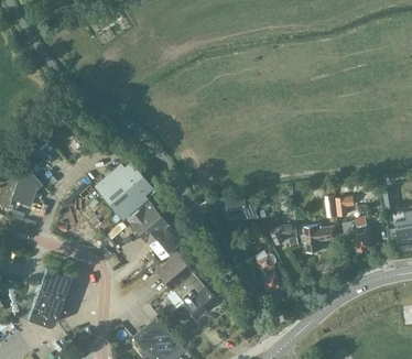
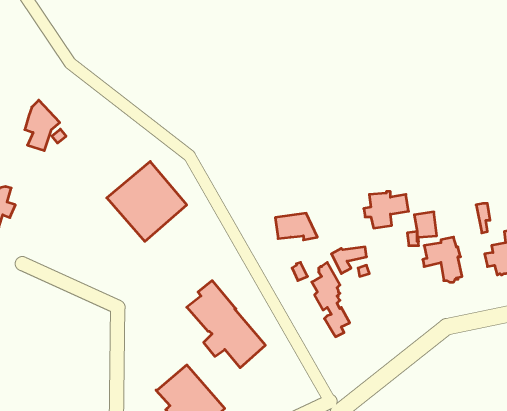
building: [14,166,42,206] -> [25,100,60,151]
building: [126,200,182,259] -> none
building: [300,225,335,253] -> [364,192,409,228]
building: [28,268,71,326] -> none

